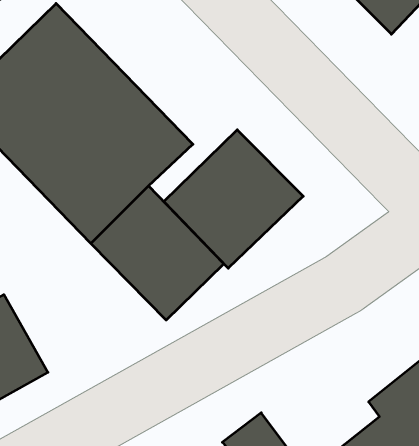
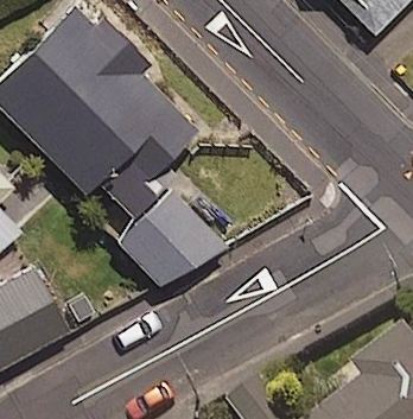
building: [164,130,303,268] -> none

